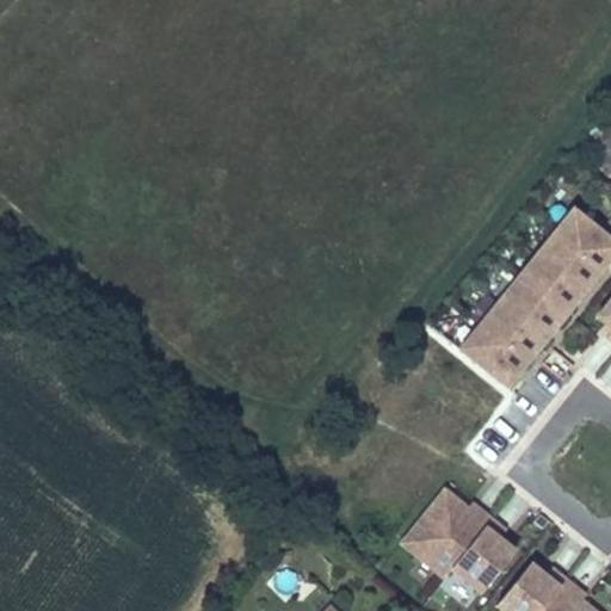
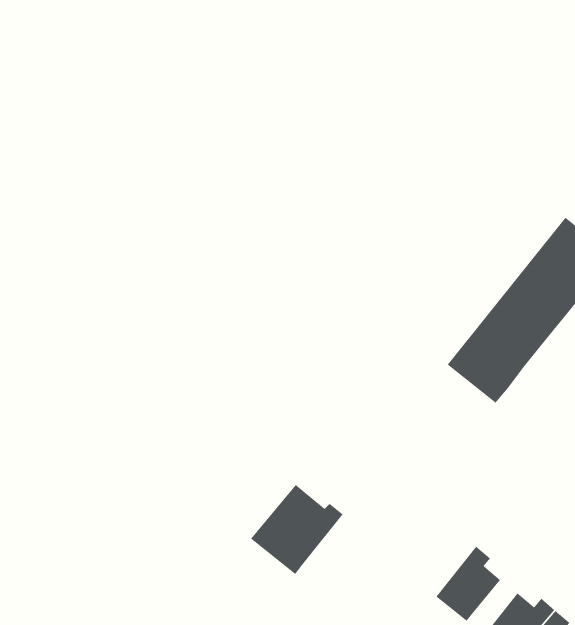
building: [403,490,492,576] -> [250,484,343,575]

